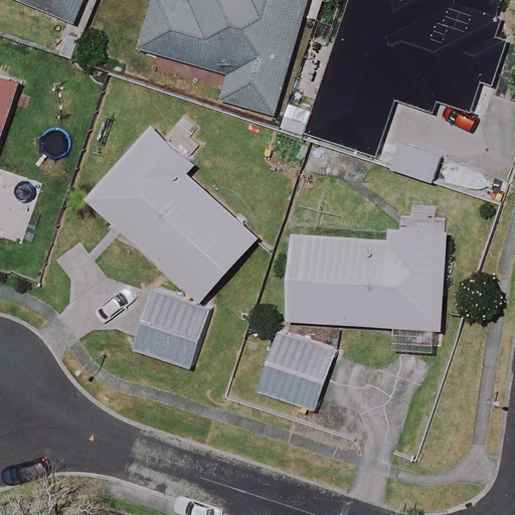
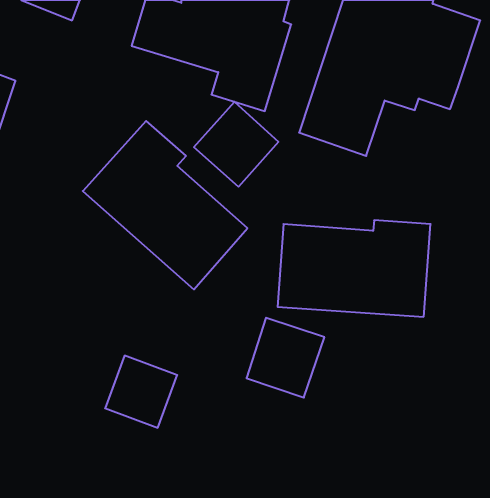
building: none -> [194,102,278,187]
building: [131,292,205,366] -> [105,356,177,428]

